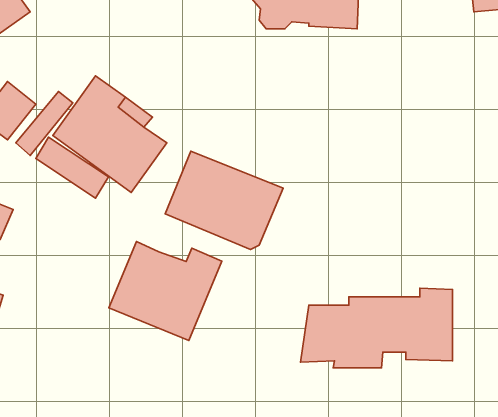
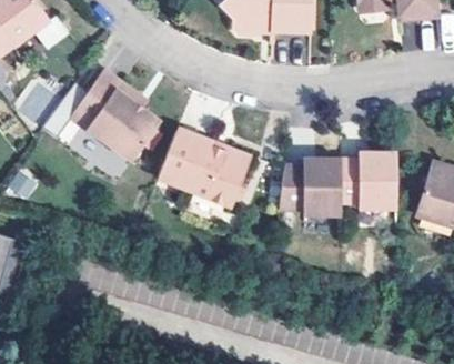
building: [109,242,222,341] -> none
building: [300,288,453,368] -> [278,153,396,215]

